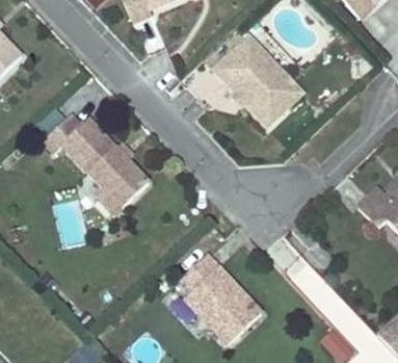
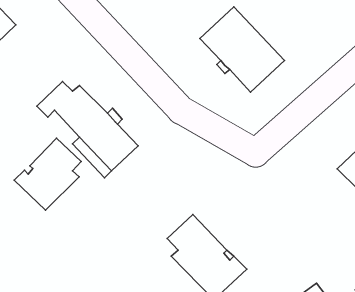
building: none -> [14,138,81,210]

